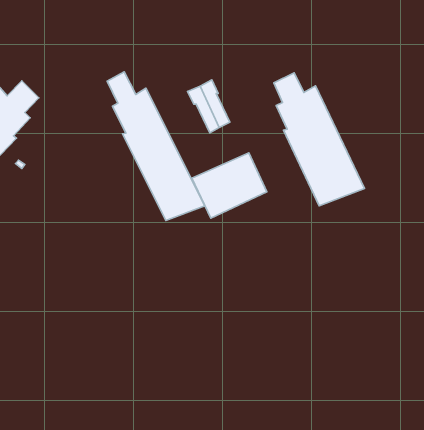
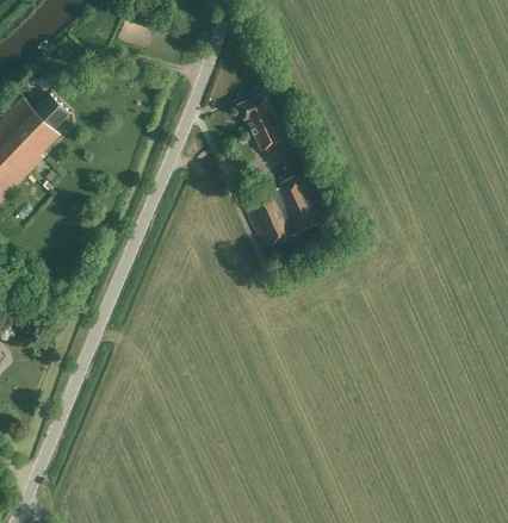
building: [107,72,205,220] -> none
building: [274,73,365,206] -> none

